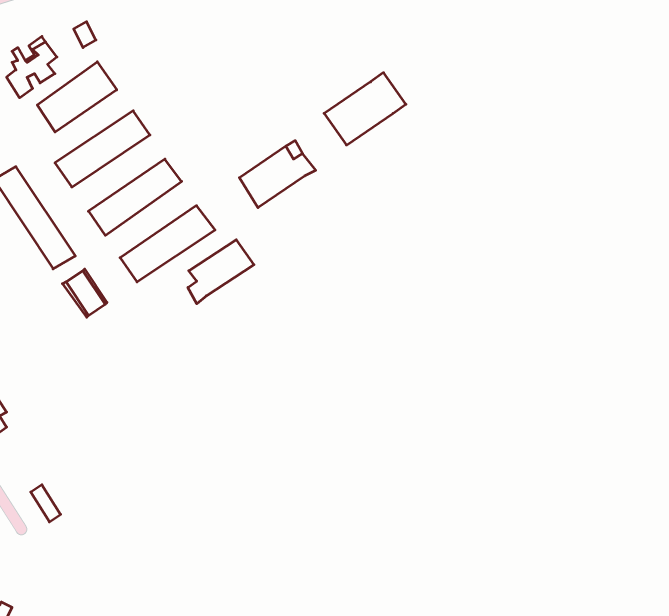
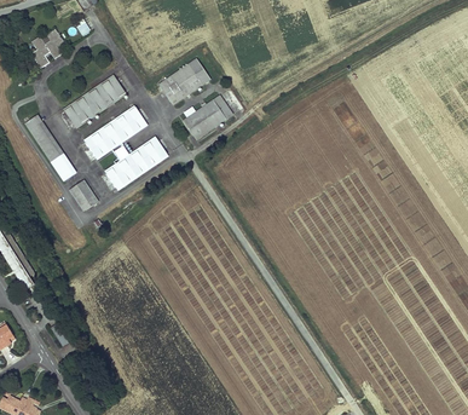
building: [37,62,117,132] -> none
building: [324,73,406,145] -> [157,58,210,105]
building: [188,240,254,304] -> none

